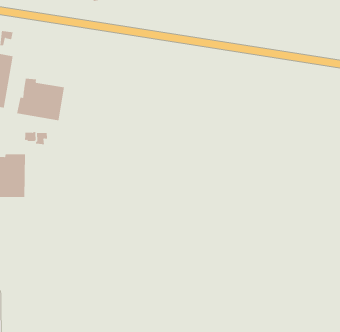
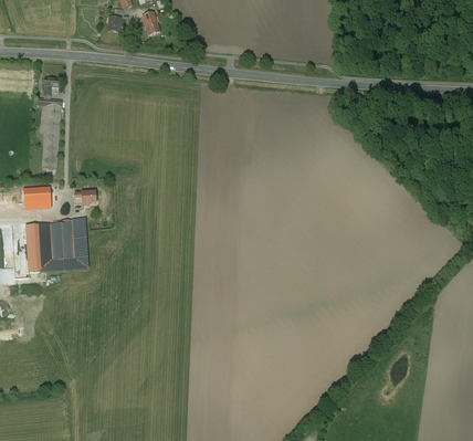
building: [17,78,65,121] -> none

